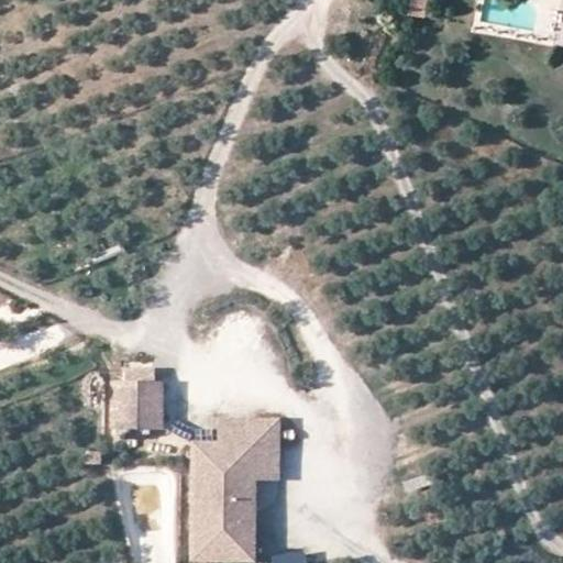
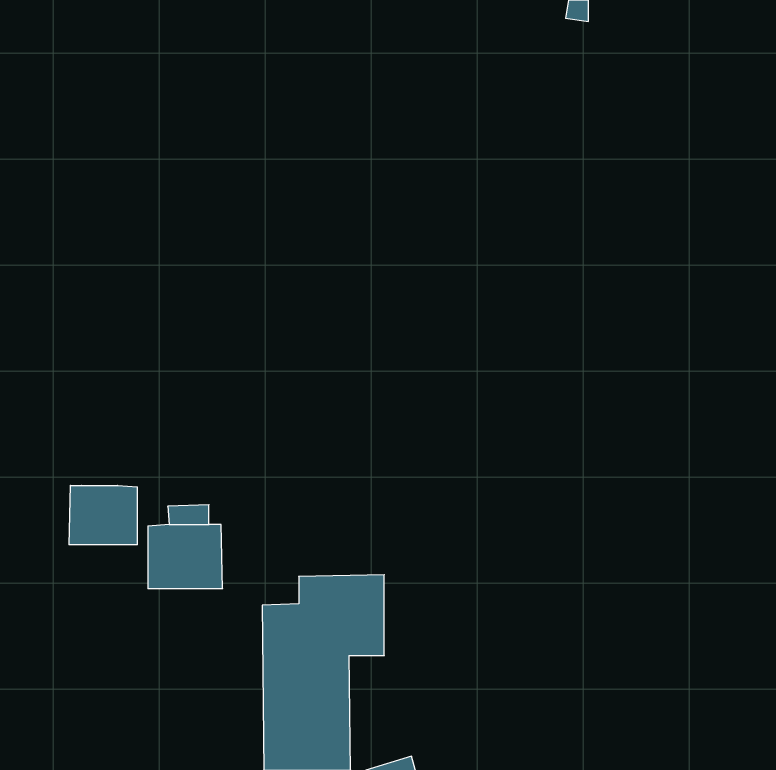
building: none -> [69,485,137,545]

